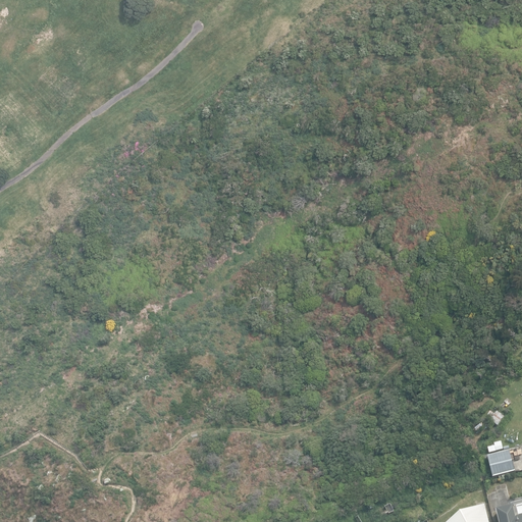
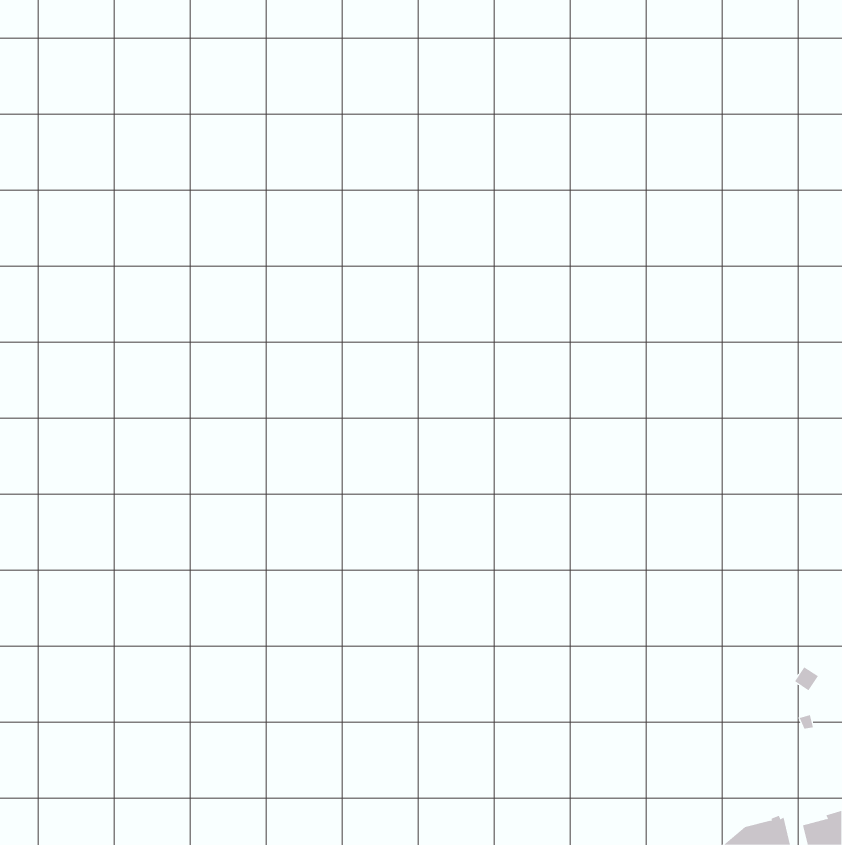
building: [486,450,514,476] -> none

